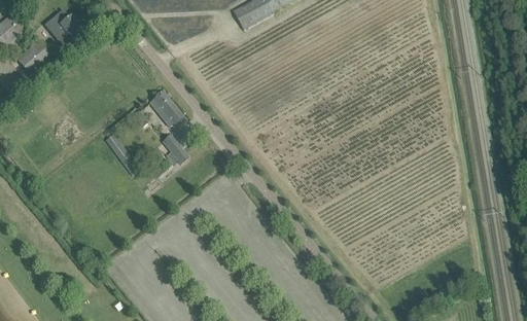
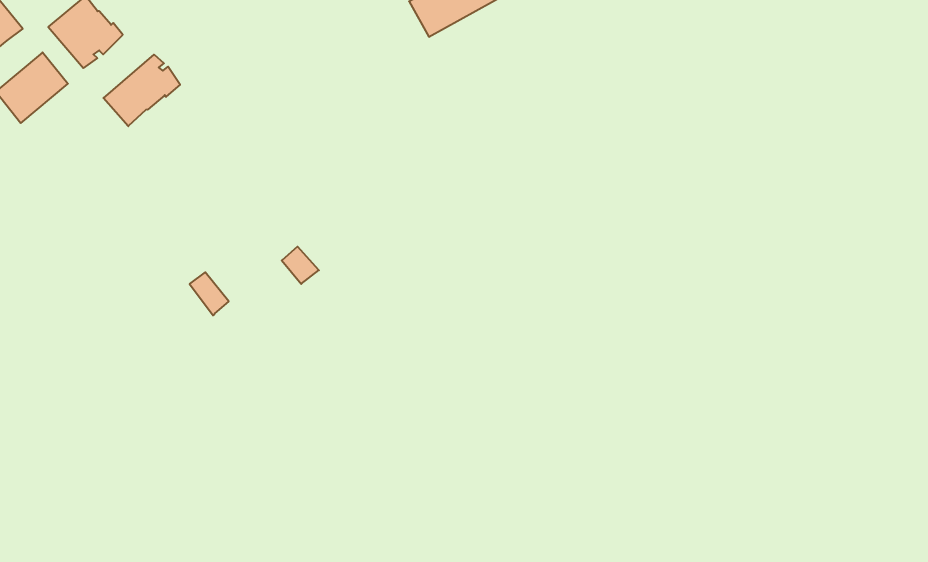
building: none -> [103,55,180,126]
building: [151,91,186,129] -> none

